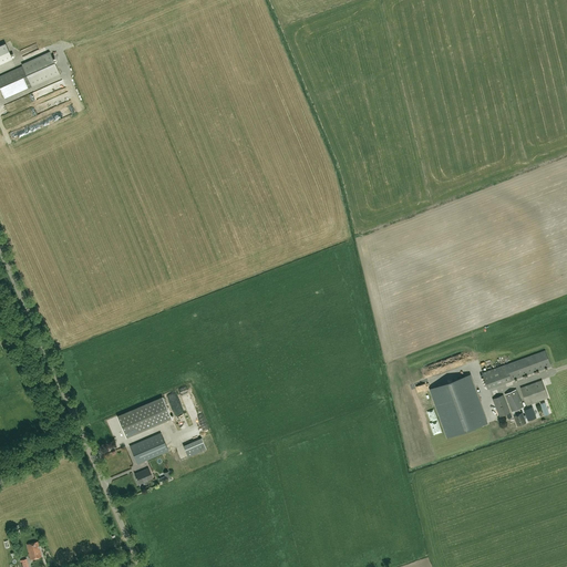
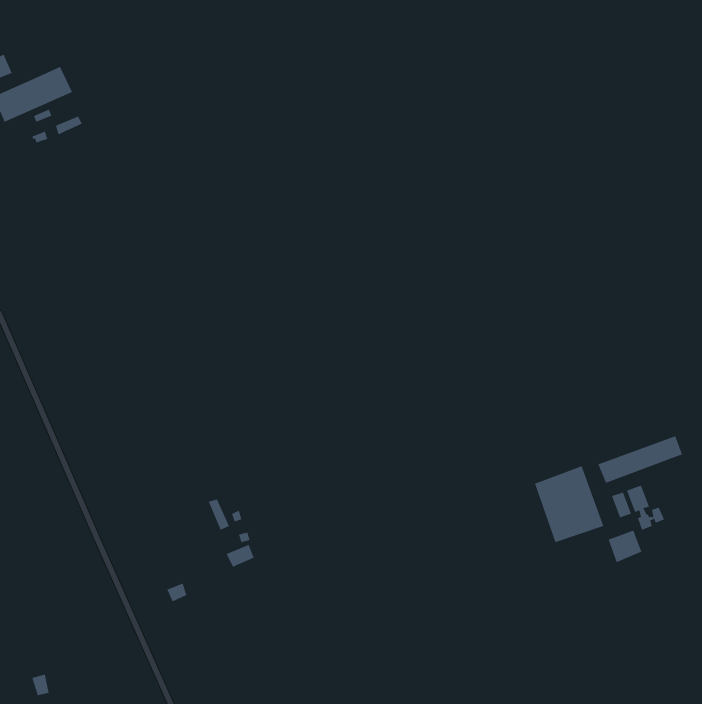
building: [519,380,547,406] -> [608,530,642,563]
building: [115,398,171,439] -> none
building: [128,433,167,464] -> none

